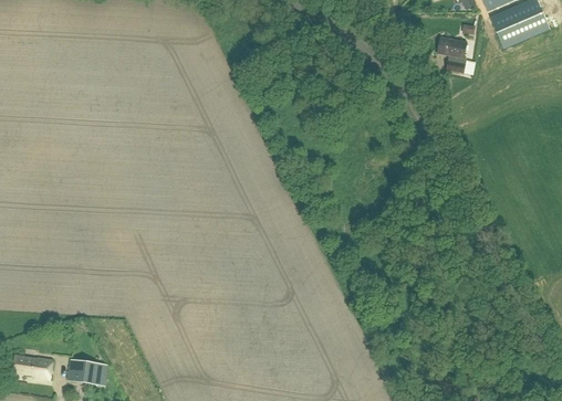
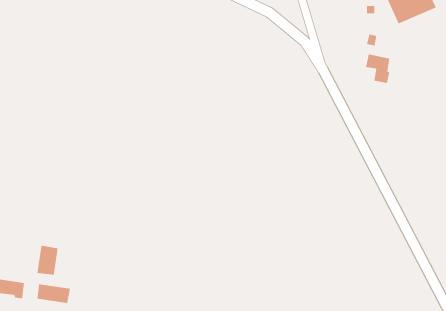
building: [436,35,466,72] -> [365,54,390,84]
building: none -> [37,245,58,276]

